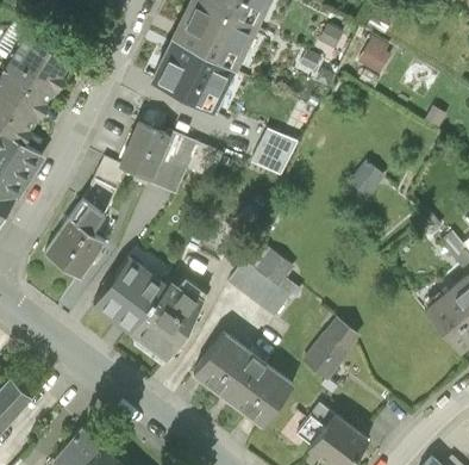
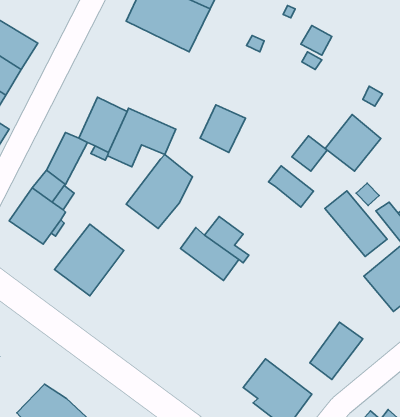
building: [148,37,237,113] -> none
building: none -> [325,114,381,171]
building: none -> [268,166,314,207]
building: none -> [325,191,387,257]
building: [130,280,201,360] -> [126,155,192,229]
building: [304,317,361,379] -> [310,322,363,380]
building: [193,333,290,426] -> none

